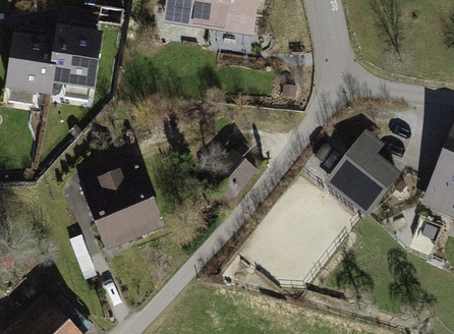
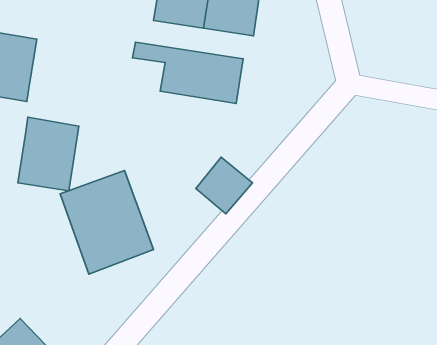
building: [49,24,105,92] -> [18,117,79,191]
building: none -> [133,42,243,103]
building: [323,131,401,221] -> none

